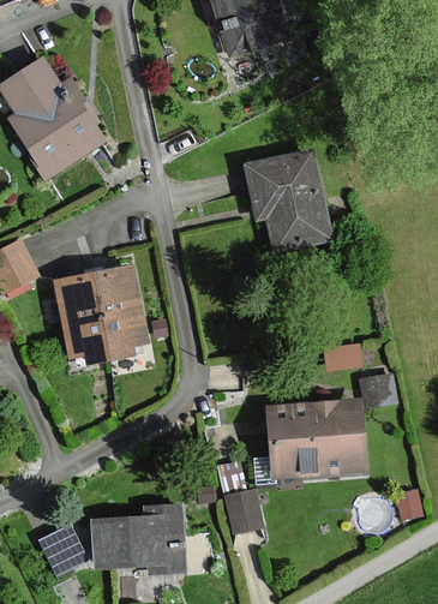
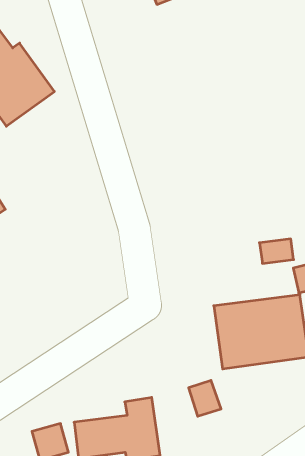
building: [245,150,329,251] -> none
building: [56,267,144,363] -> none

